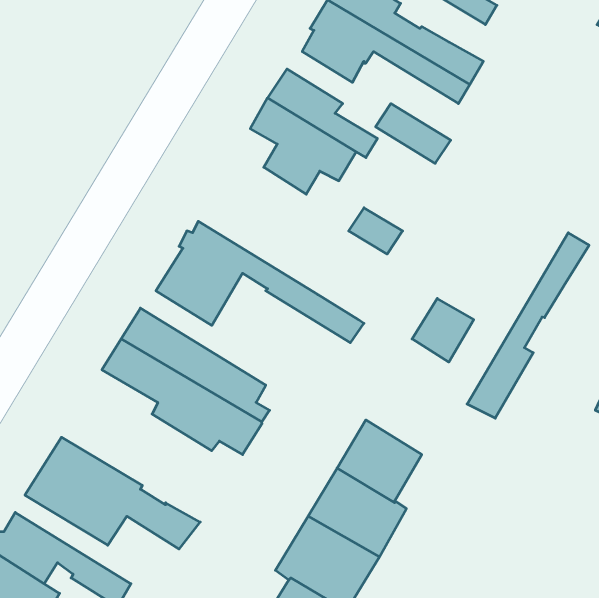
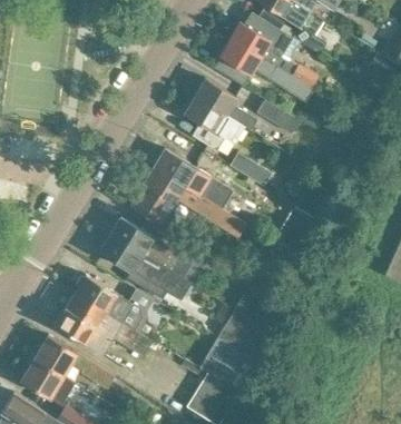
building: none -> [154,149,234,209]
building: [467,233,589,418] -> none
building: none -> [75,276,143,331]

